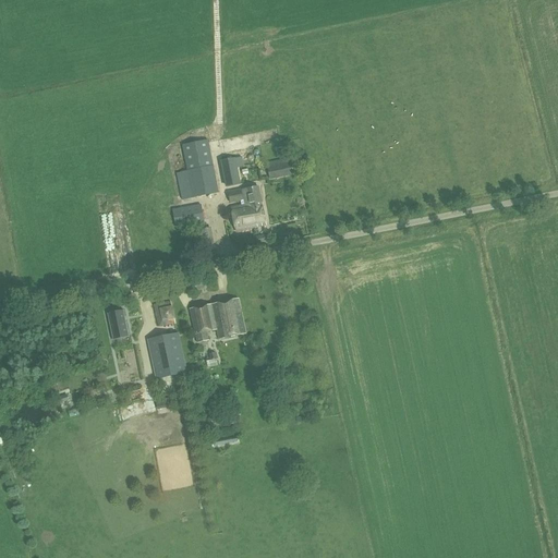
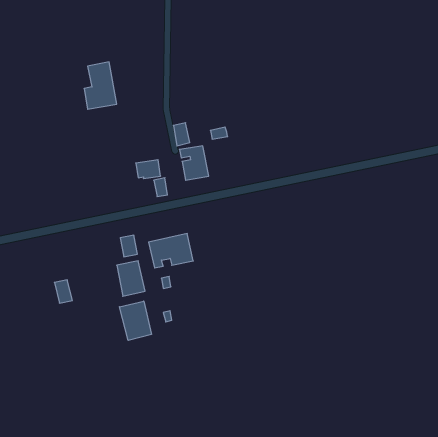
building: [177,137,218,197] -> [84,62,117,109]
building: [106,308,129,338] -> [54,280,72,303]
building: none -> [119,301,151,340]

